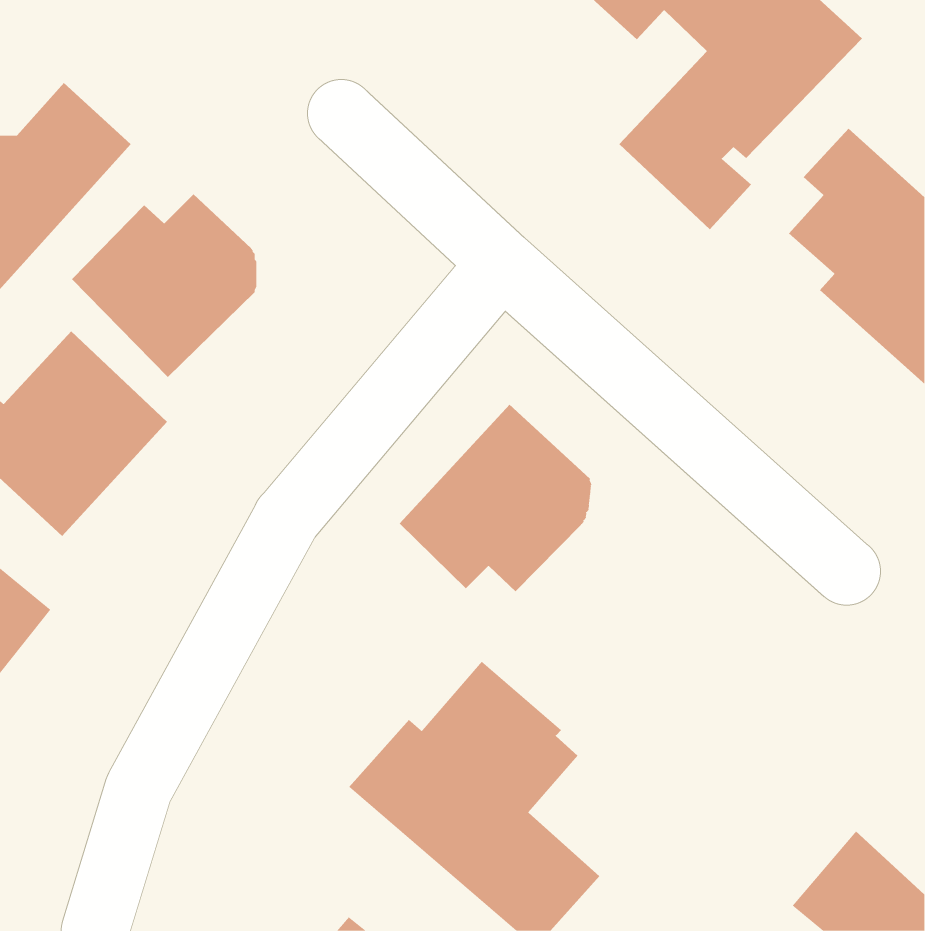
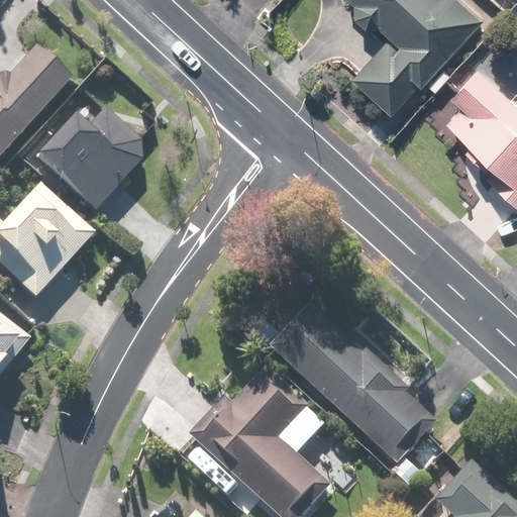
building: [399,404,592,592] -> none
building: none -> [274,302,443,497]

